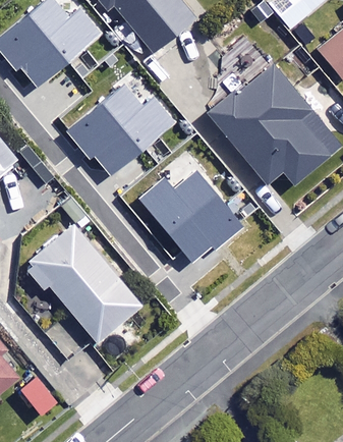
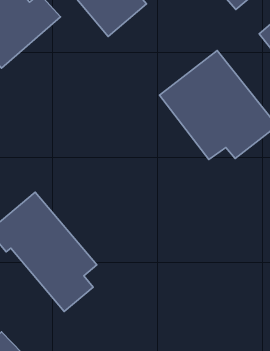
building: [63,82,175,175] -> none
building: [138,171,242,262] -> none

